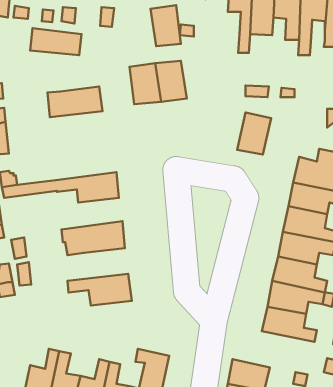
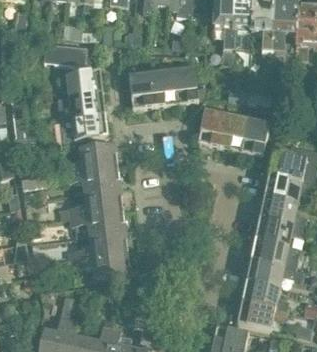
building: [150,5,181,46] -> [172,65,198,100]
building: none -> [66,68,102,94]
building: none -> [197,107,227,144]
building: none -> [60,111,107,143]
building: none -> [242,117,269,152]
building: none -> [64,142,117,170]
building: none -> [69,185,122,212]
building: none -> [72,228,127,257]
building: none -> [237,299,286,328]

